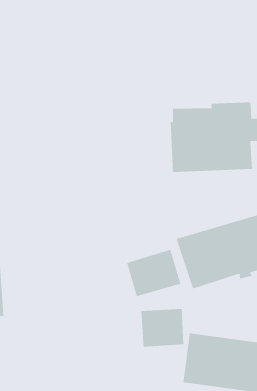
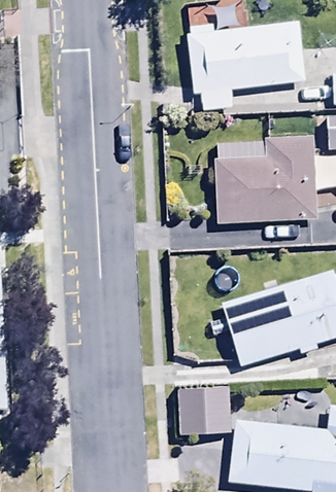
building: none -> [188,25,300,110]
building: [126,249,181,297] -> none

